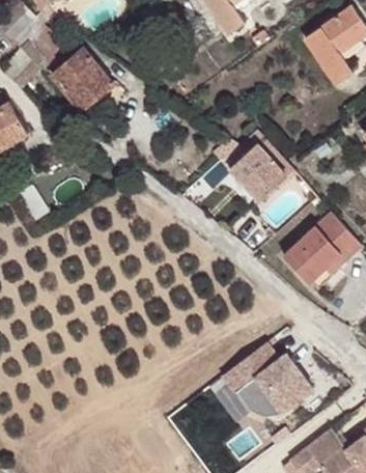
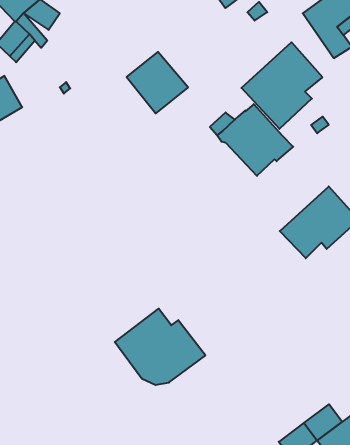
building: [51,49,112,110] -> [127,52,188,113]
building: none -> [241,42,322,129]
building: [224,343,314,419] -> [115,309,205,385]

